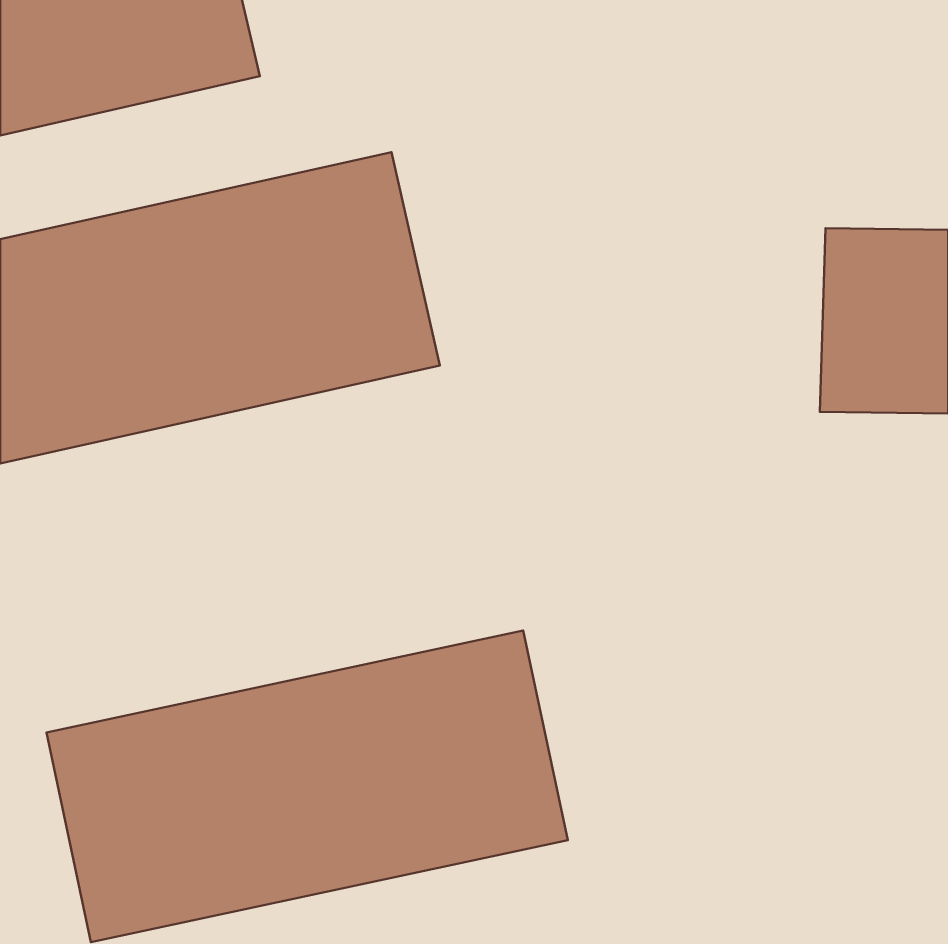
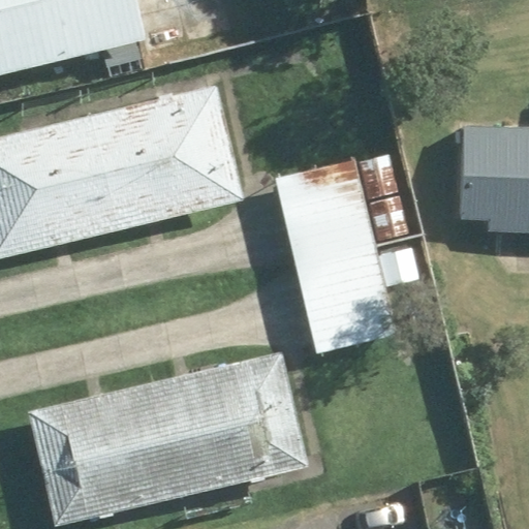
building: none -> [271,154,417,356]

